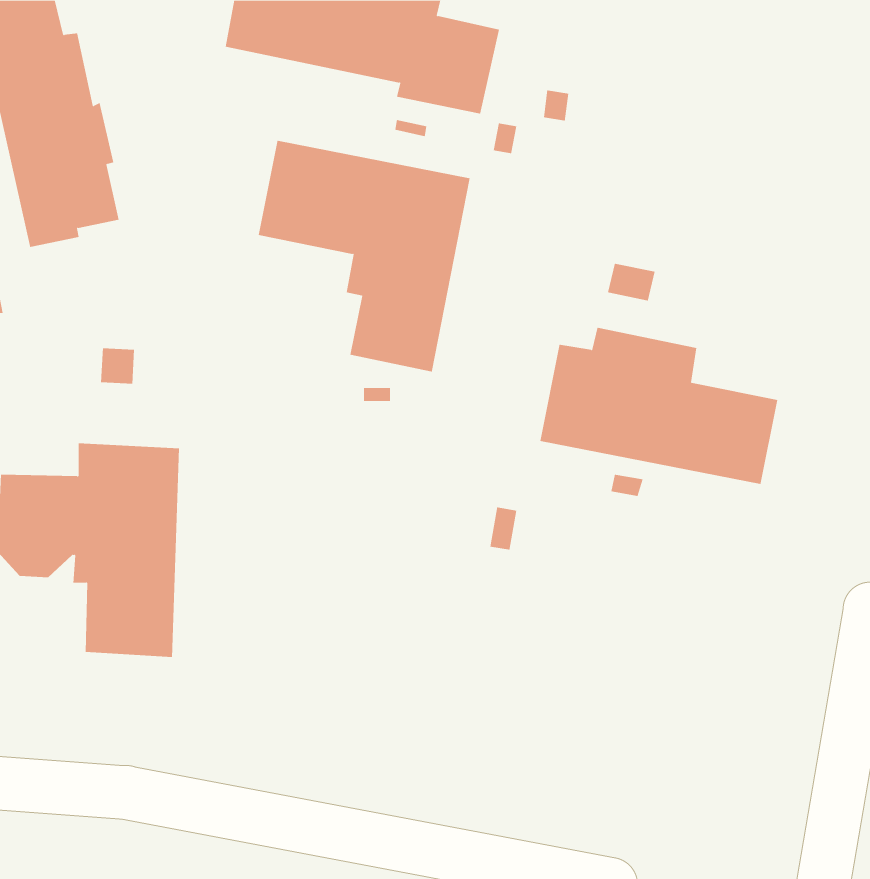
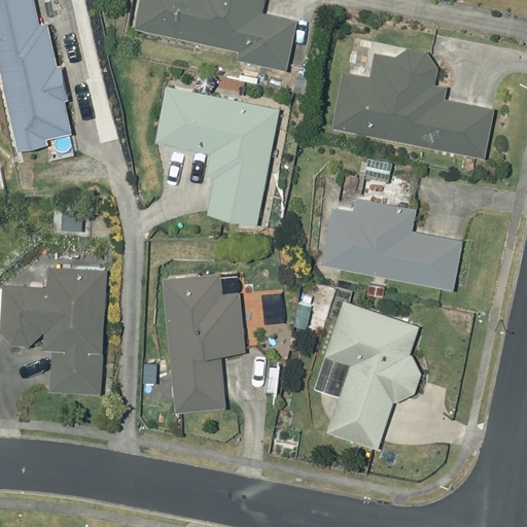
building: none -> [331,49,494,159]
building: none -> [161,273,244,413]
building: none -> [325,302,421,450]

